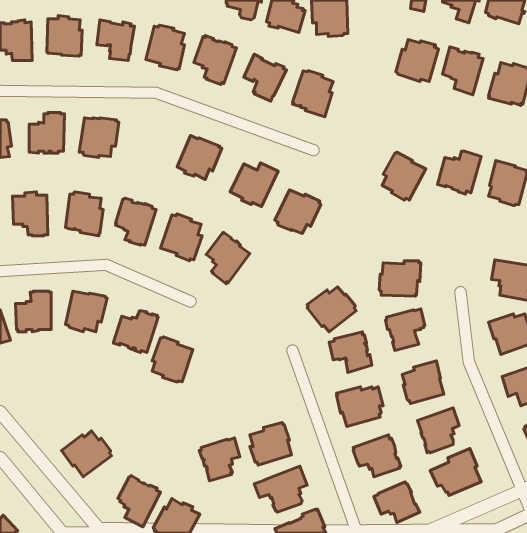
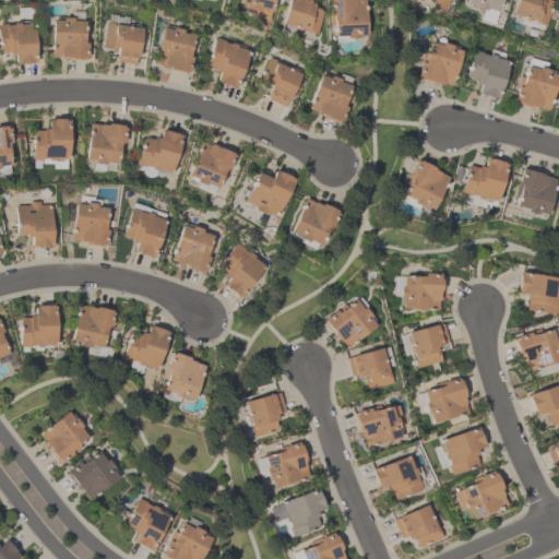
building: none -> [140,129,186,174]
building: none -> [44,411,92,463]
building: [199,438,240,481] -> [246,392,288,437]

